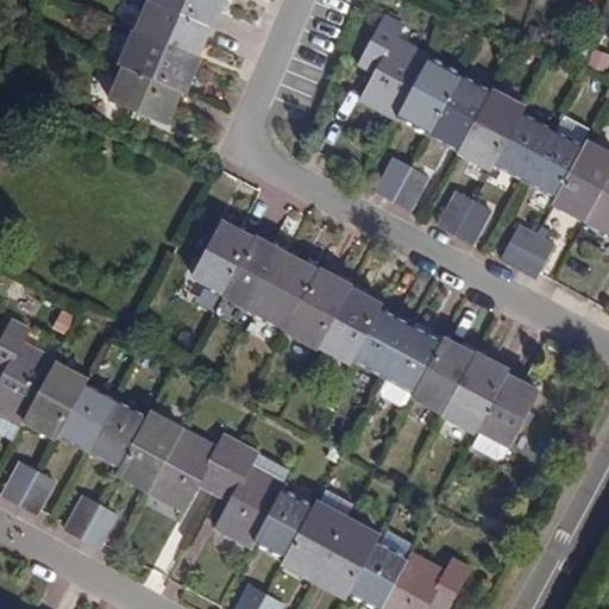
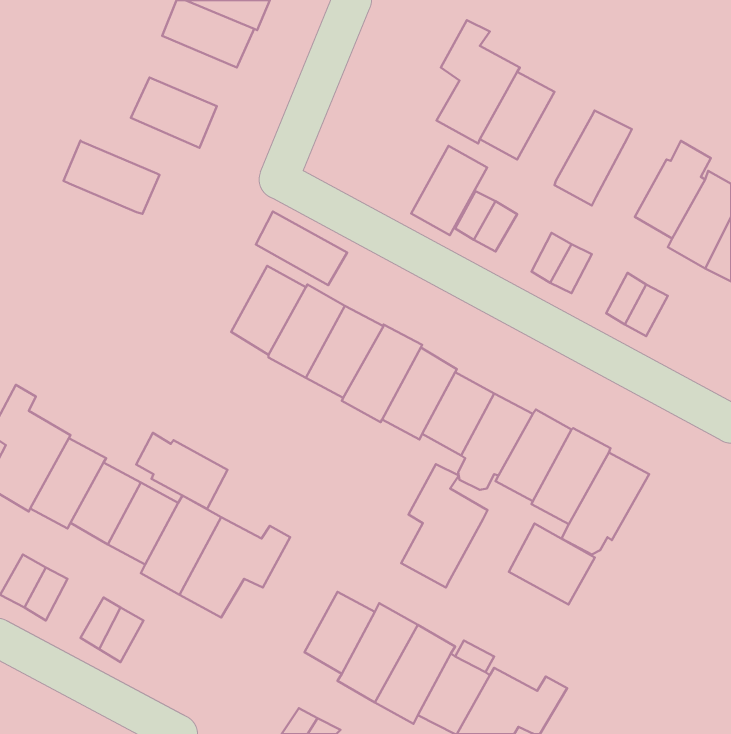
building: [119,29,199,89] -> [63,140,160,214]
building: [428,76,491,150] -> [411,146,487,235]
building: [494,114,552,180] -> none
building: none -> [256,211,347,285]
building: none -> [136,433,228,509]
building: none -> [509,523,595,605]
building: [212,445,283,547] -> [401,464,487,588]

